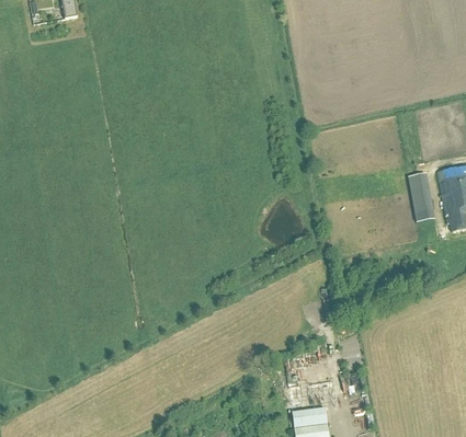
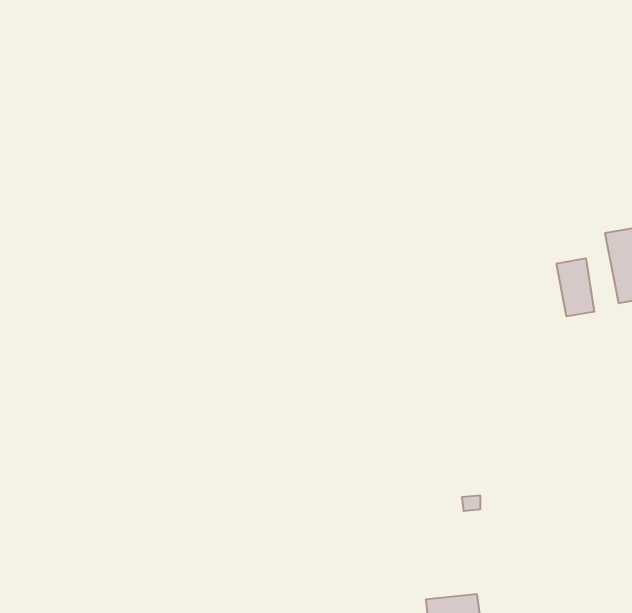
building: none -> [557,258,594,316]

